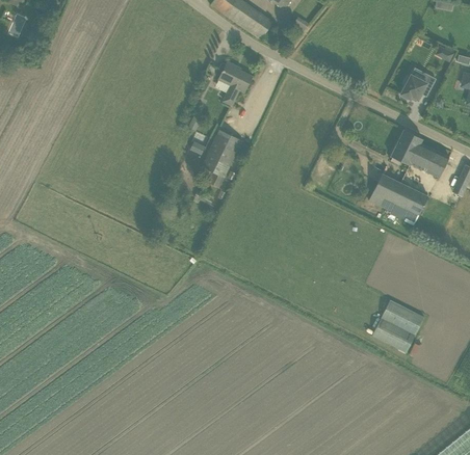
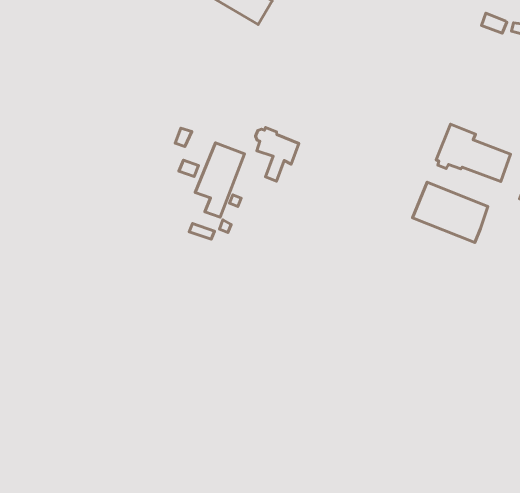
building: [218,61,252,104] -> [256,127,299,181]
building: [400,74,436,99] -> none
building: [372,300,424,352] -> none

